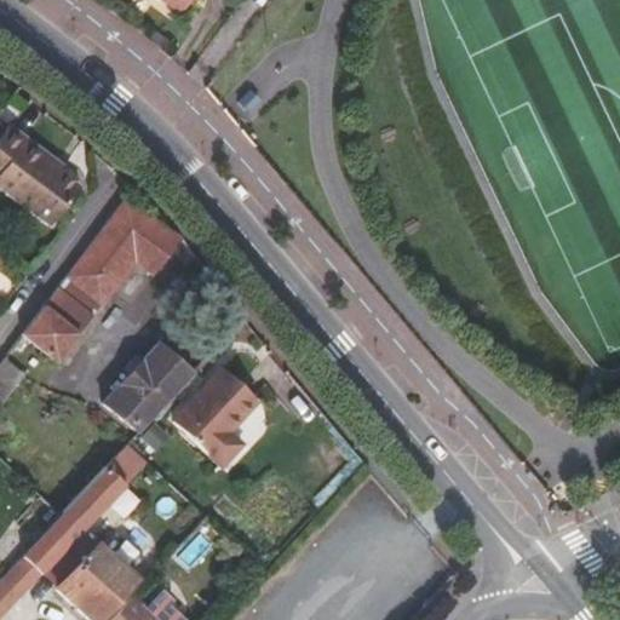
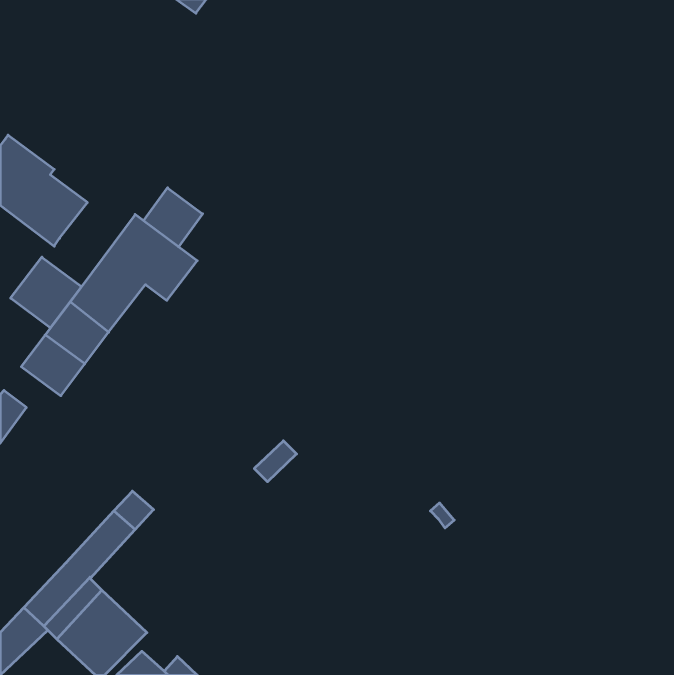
building: none -> [144,188,203,247]
building: none -> [11,257,81,328]
building: [104,343,195,431] -> none
building: [173,367,259,466] -> none

